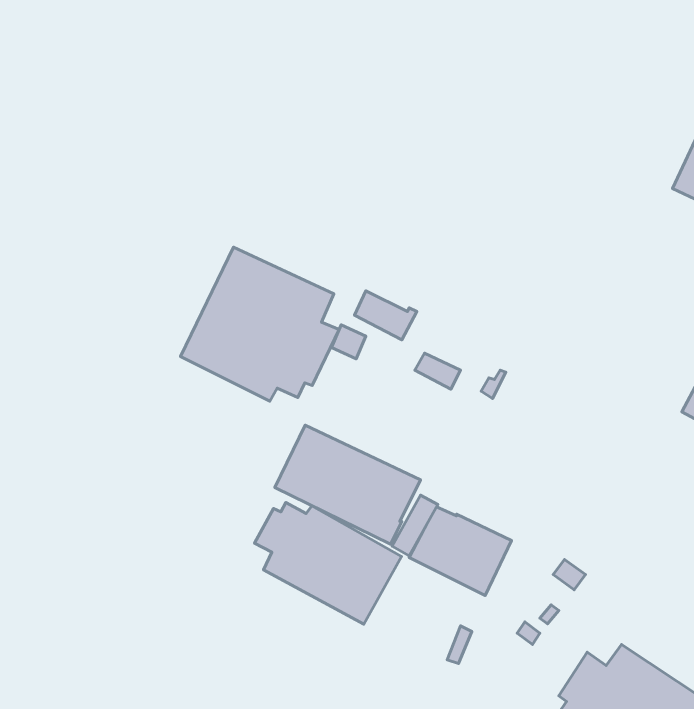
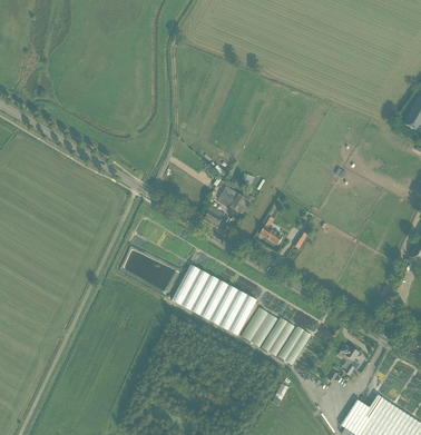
building: [180,247,339,401] -> none
building: [254,503,401,624] -> none

